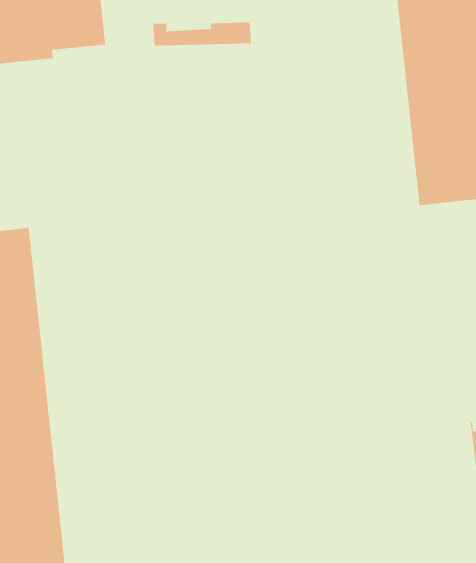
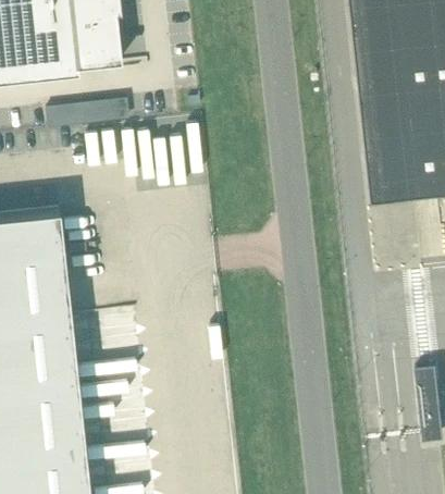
building: [152,22,252,46] -> [48,101,128,121]

